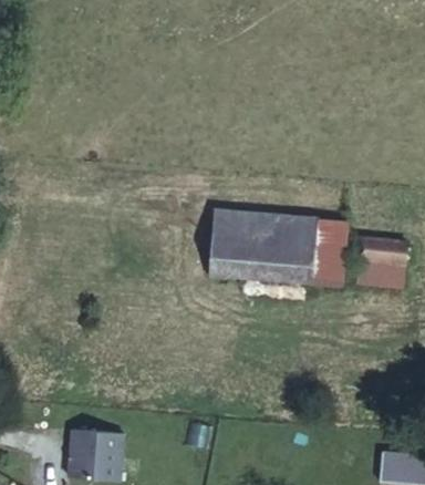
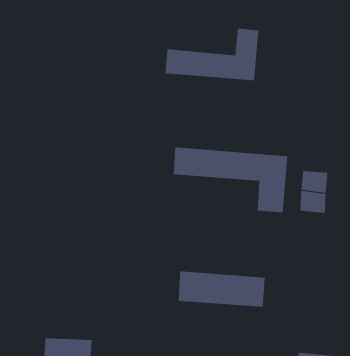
building: none -> [165,28,259,81]
building: [216,241,318,283] -> [178,271,266,307]

